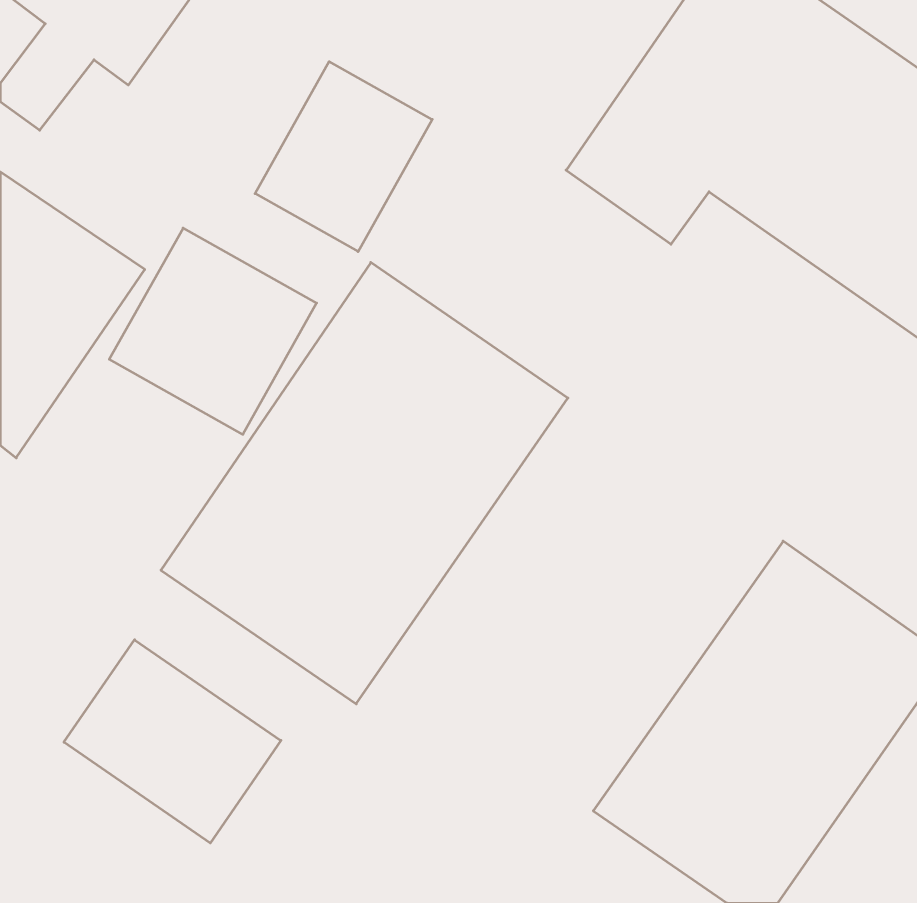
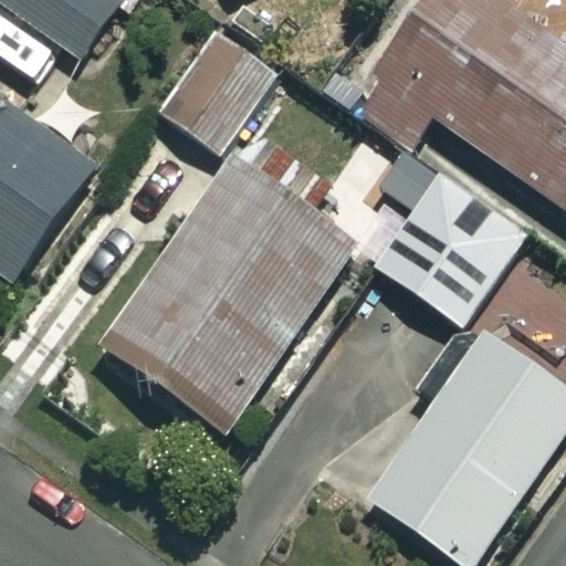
building: [109,228,317,434] -> none
building: none -> [375,171,525,324]
building: [64,640,281,843] -> none

